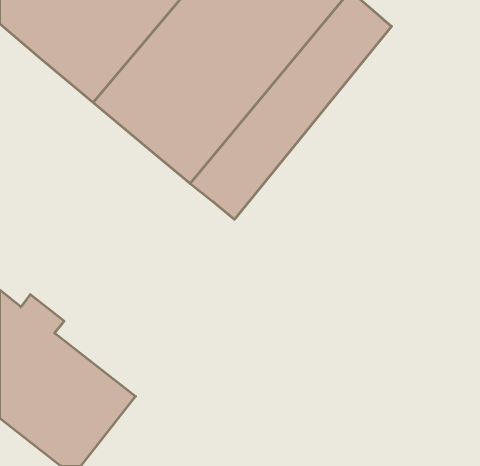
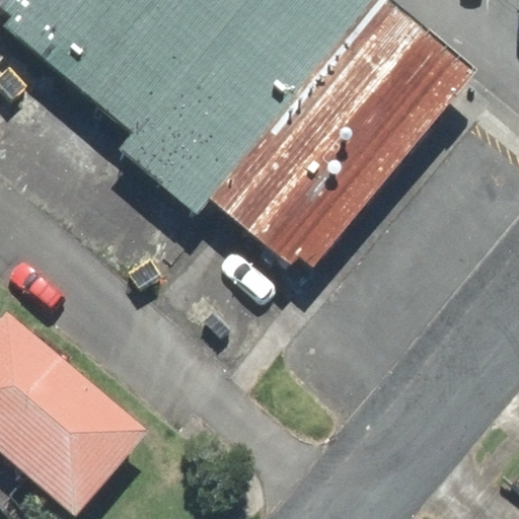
building: none -> [252,28,473,277]

